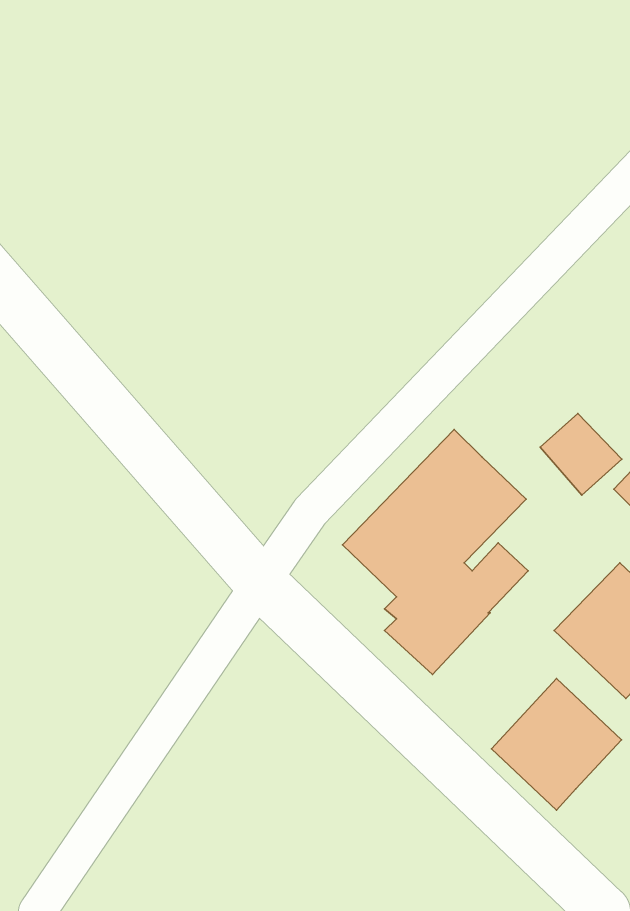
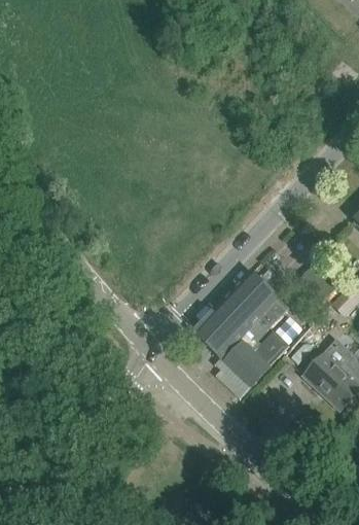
building: [492,678,622,810] -> none

